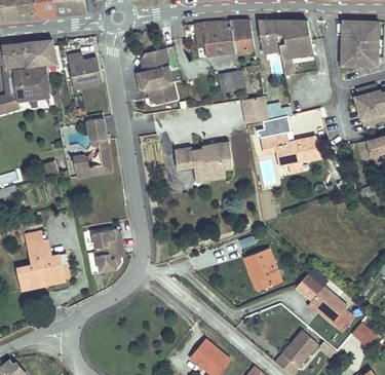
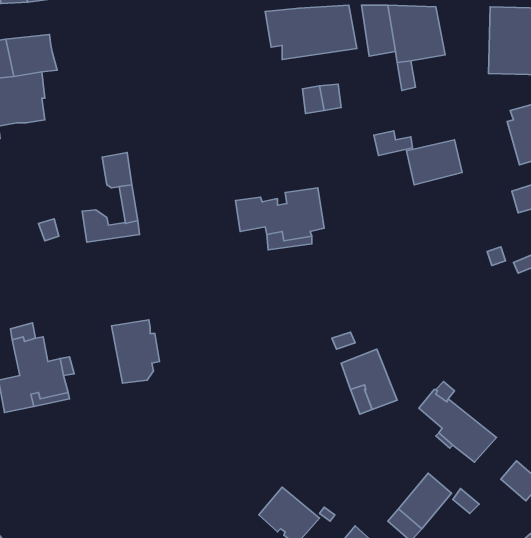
building: [136,48,177,104] -> none
building: [68,52,101,88] -> none
building: [246,96,269,122] -> none
building: [260,132,320,165] -> none

